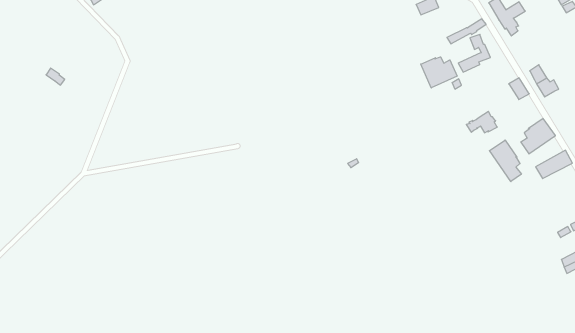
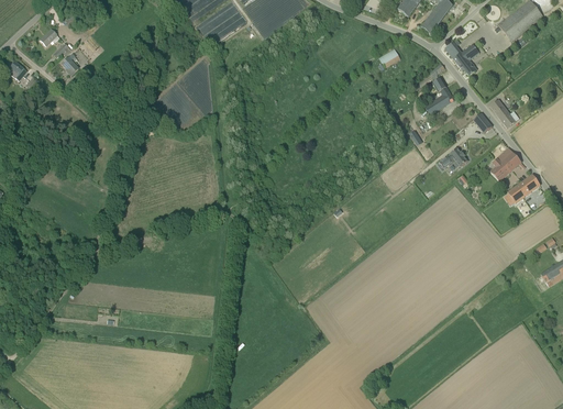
building: [421,57,457,88] -> none
building: [489,140,521,182] -> none

